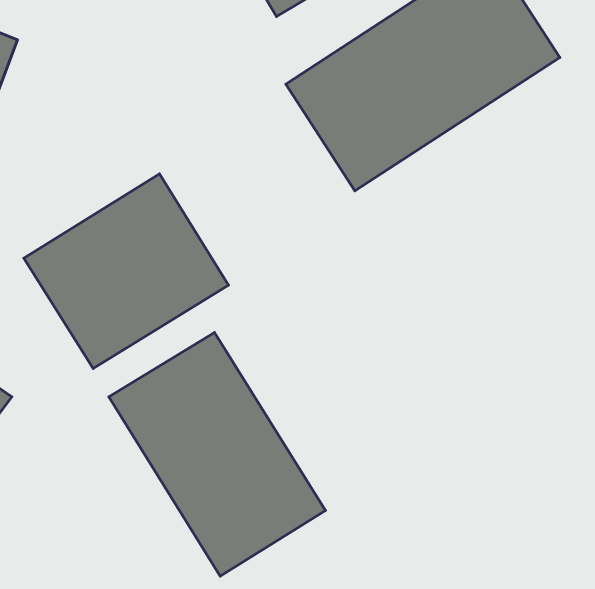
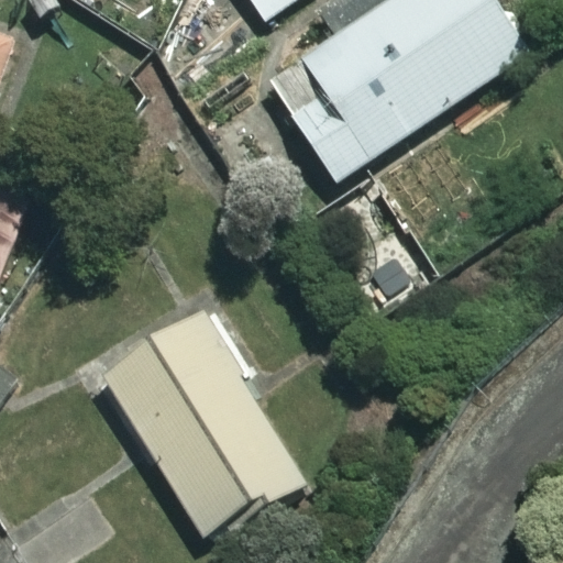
building: [24,174,229,369] -> none

